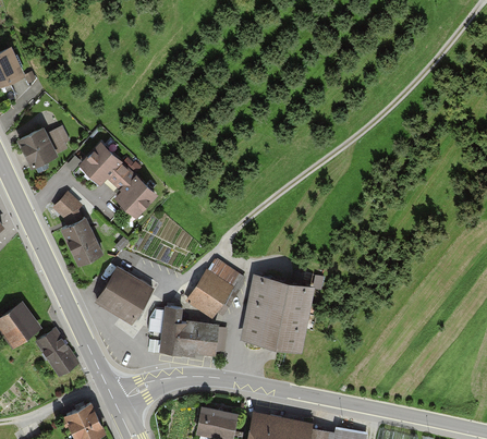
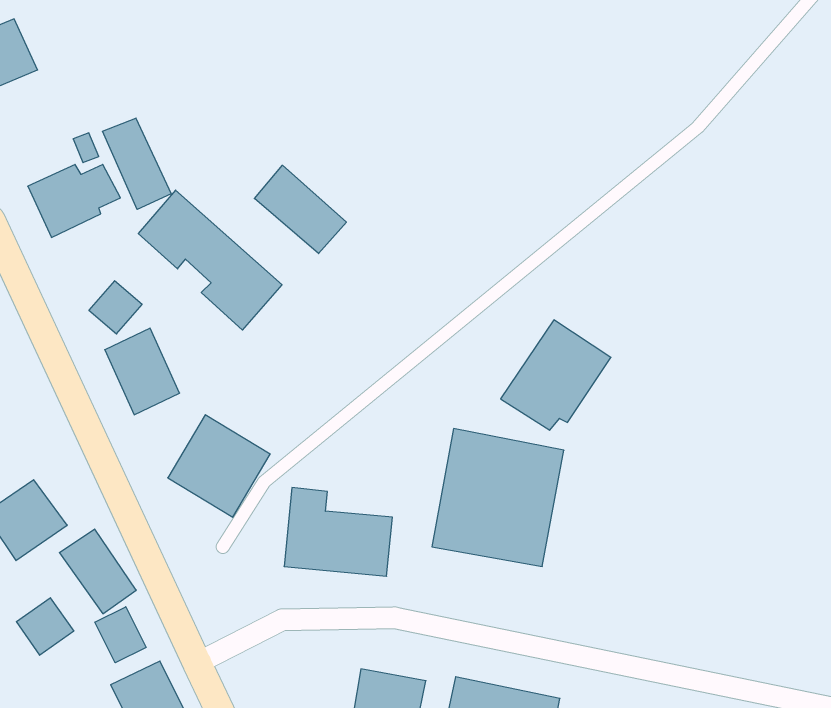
building: none -> [103,118,171,209]
building: none -> [254,165,346,254]
building: [185,258,246,319] -> [501,320,611,430]
building: none -> [16,598,74,655]
building: none -> [95,607,146,663]

